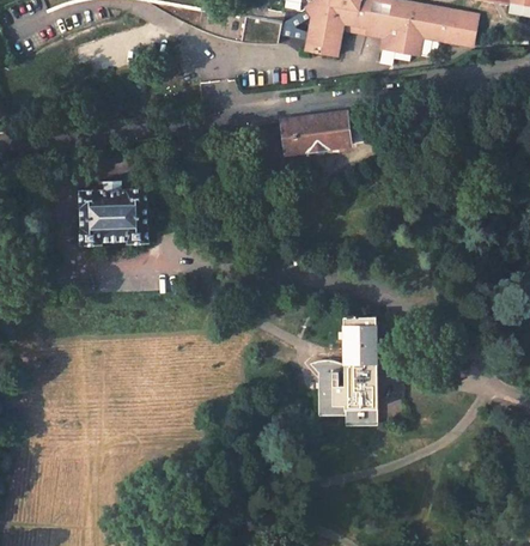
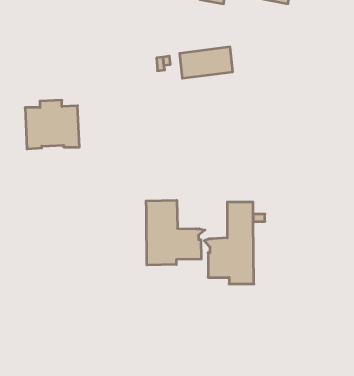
building: none -> [146,200,205,265]

